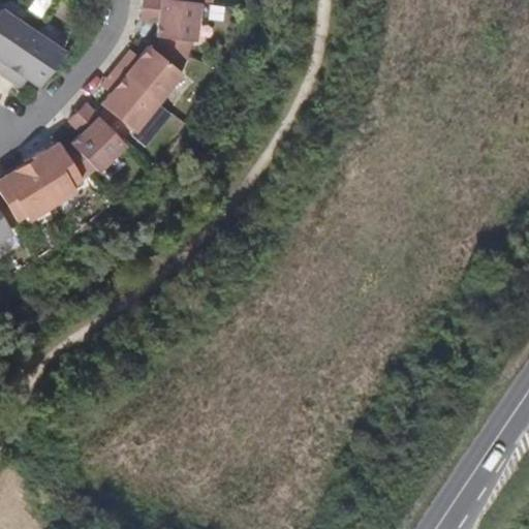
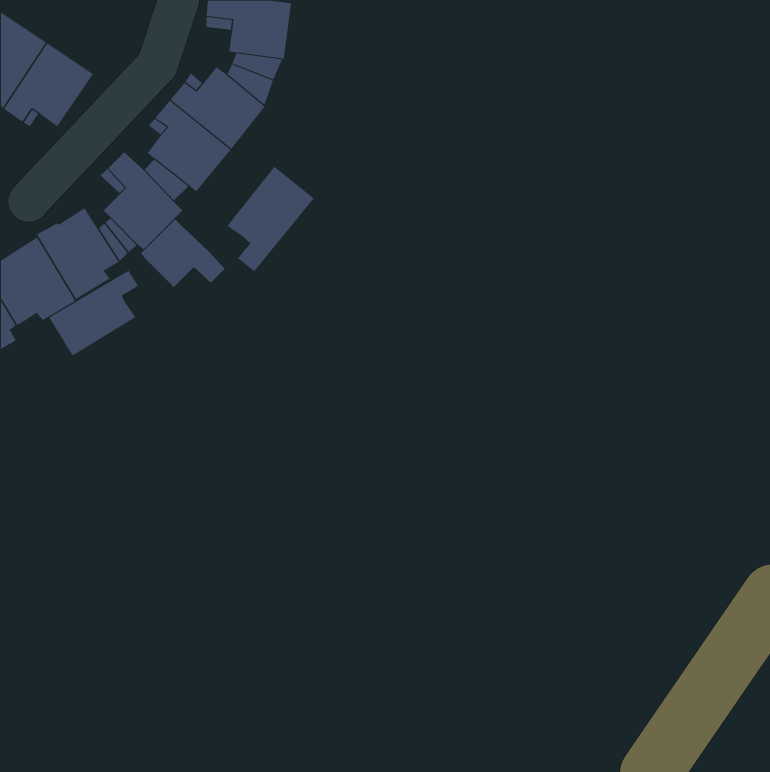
building: none -> [227,166,315,272]
building: none -> [140,218,225,288]
building: none -> [49,270,139,356]

